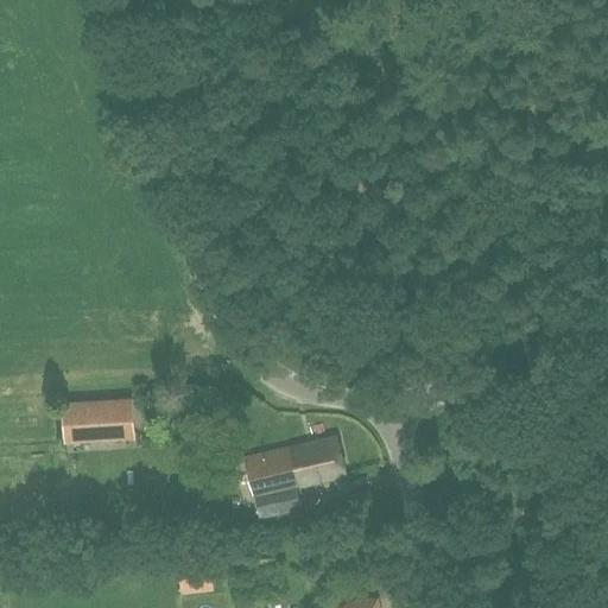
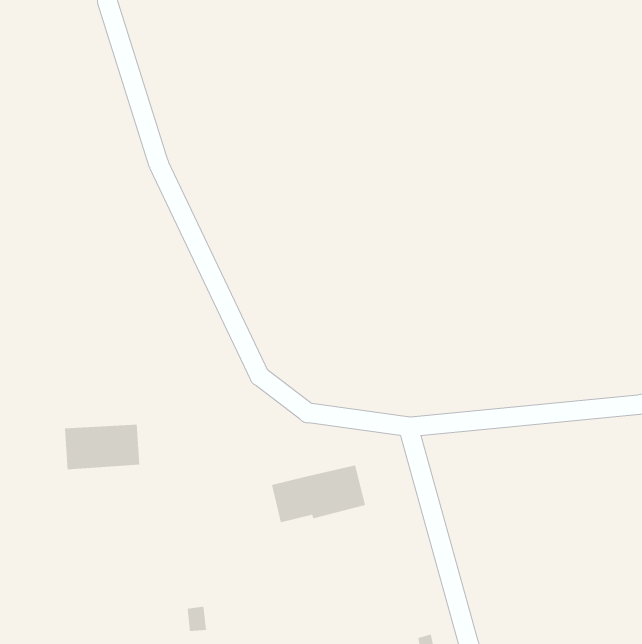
building: [252,486,299,519] -> none

